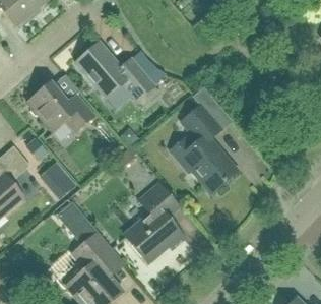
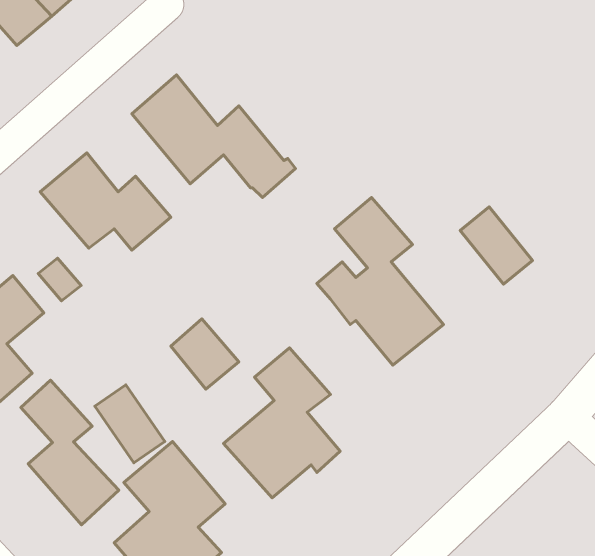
building: none -> [460,207,533,284]
building: [41,162,76,198] -> [171,319,239,389]
building: none -> [21,380,119,525]

